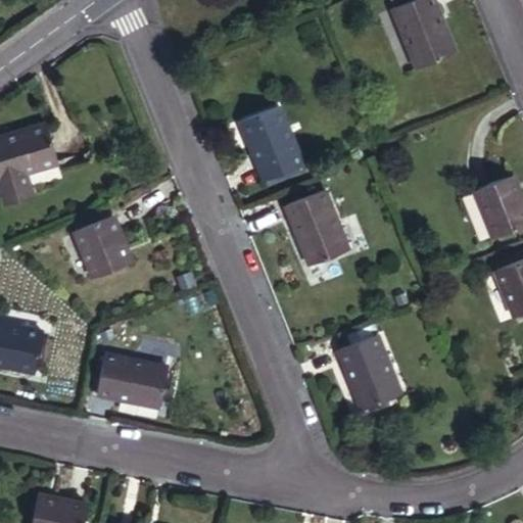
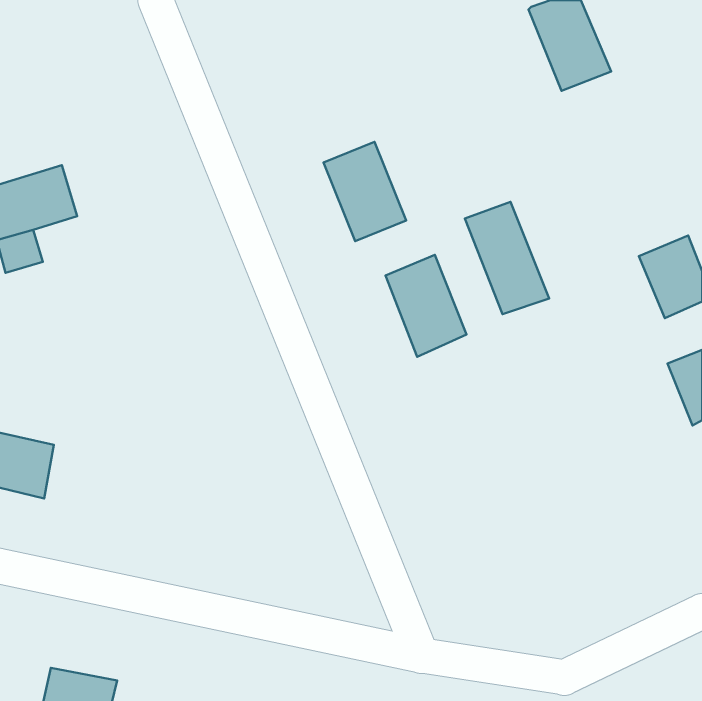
building: none -> [465,202,549,314]
building: [76,217,130,278] -> none
building: [337,336,398,411] -> none
building: [95,354,165,408] -> none

